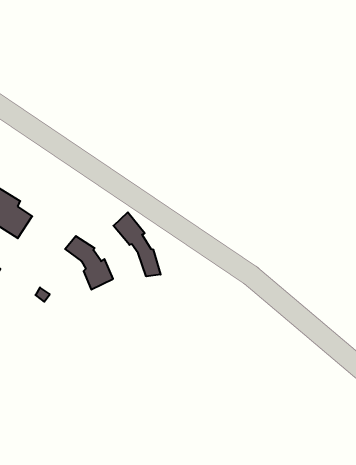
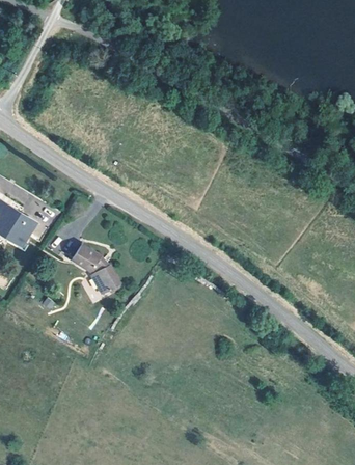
building: [113,212,161,276] -> none

